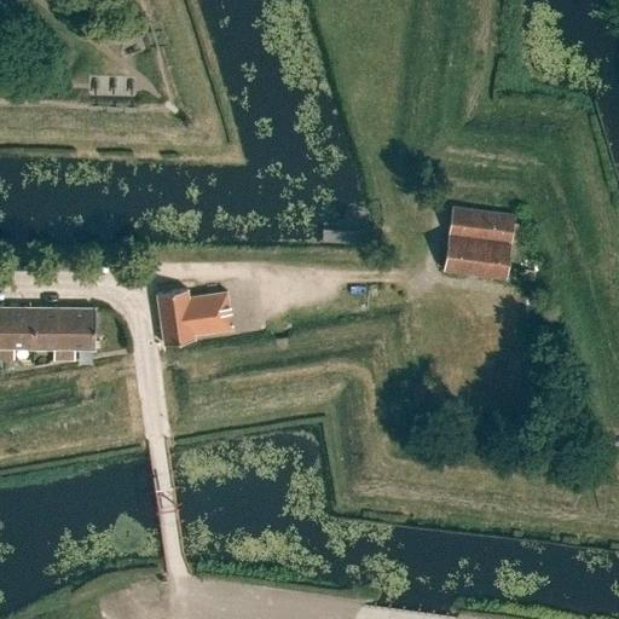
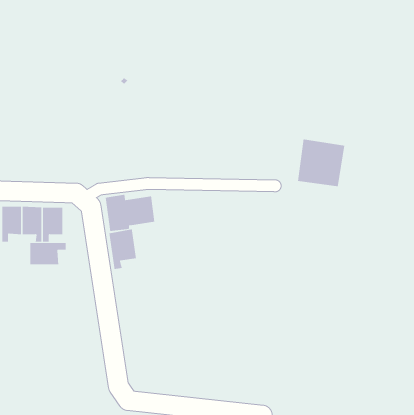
building: none -> [109,229,137,270]
building: none -> [30,242,66,265]

